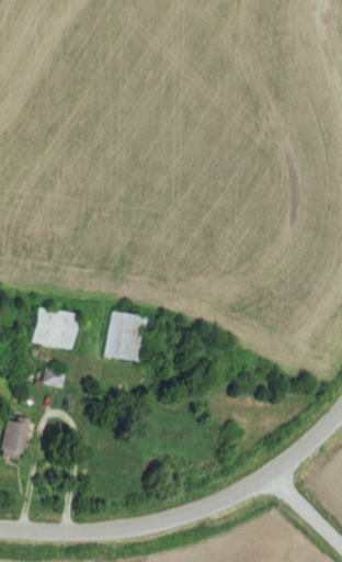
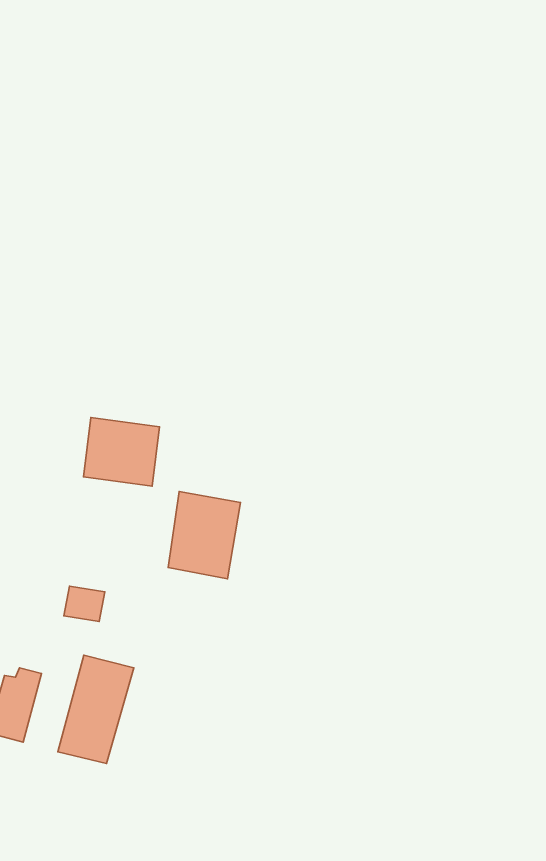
building: [32,308,77,349] -> [83,418,160,486]
building: none -> [58,655,134,764]

